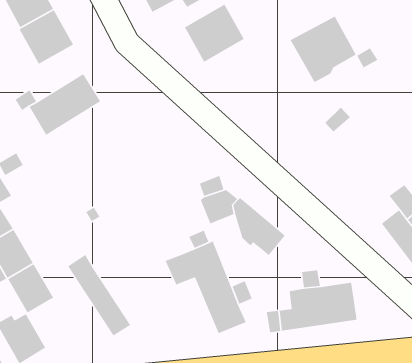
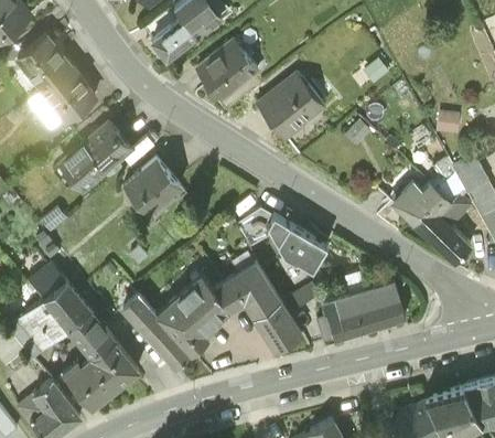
building: [290,15,357,83] -> [257,71,323,138]
building: none -> [125,160,181,215]
building: none -> [392,183,429,223]
building: none -> [148,276,228,356]
building: none -> [90,342,139,391]

